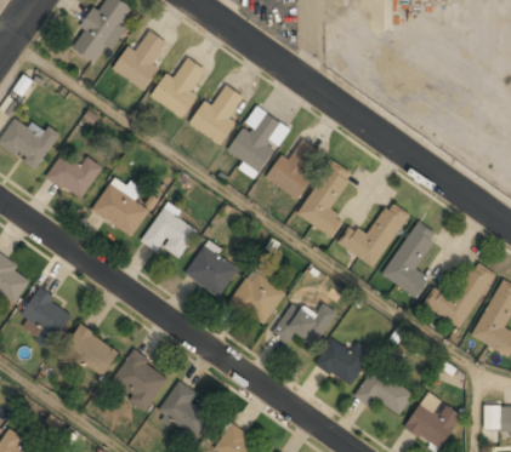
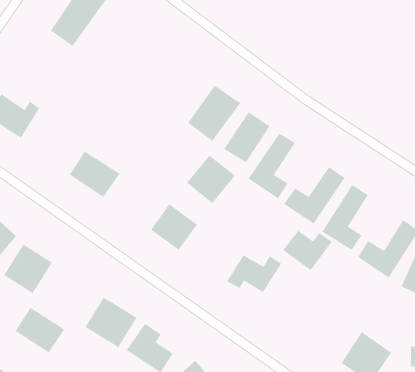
building: [110,30,166,92] -> none
building: [151,58,205,118] -> none
building: [188,86,246,142] -> none
building: [45,154,102,201] -> none
building: [141,206,198,259] -> none
building: [229,268,286,325] -> [186,154,236,204]
building: [59,325,118,378] -> [14,307,65,353]
building: [314,339,373,387] -> [282,230,333,271]
building: [354,367,411,412] -> none

